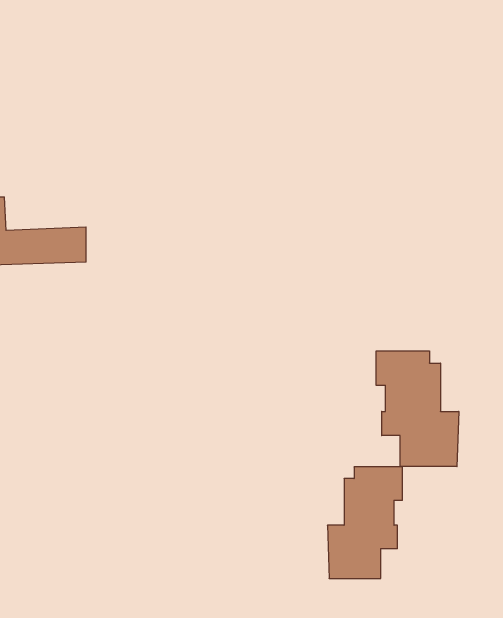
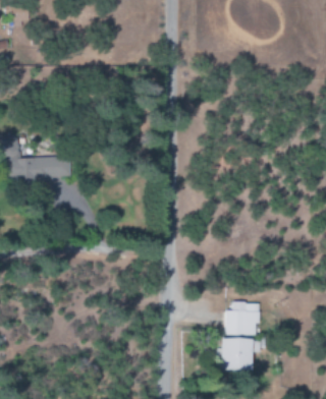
building: [376,351,459,467] -> none

